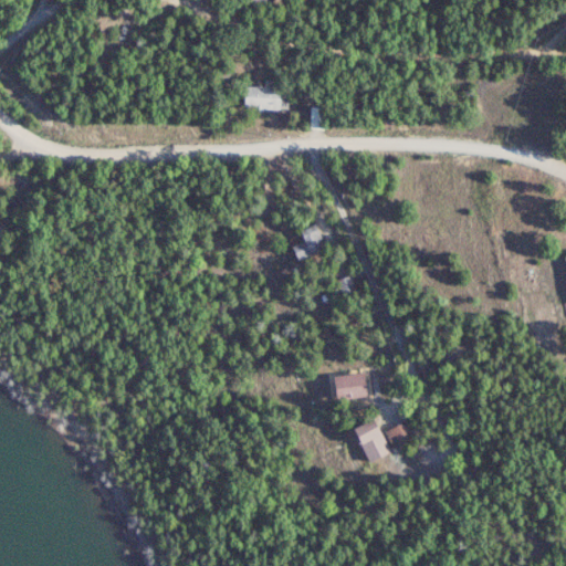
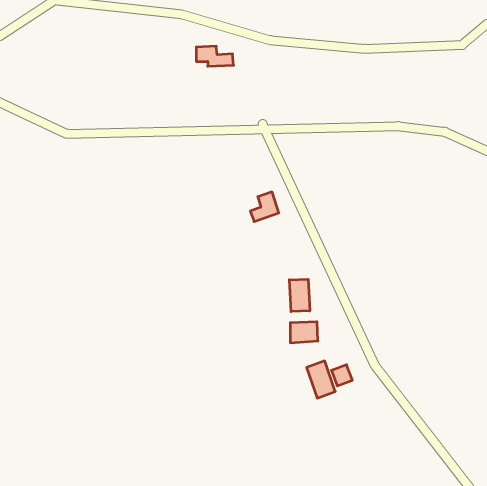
building: [245,87,289,111] -> [196,46,234,66]
building: none -> [289,279,310,312]

